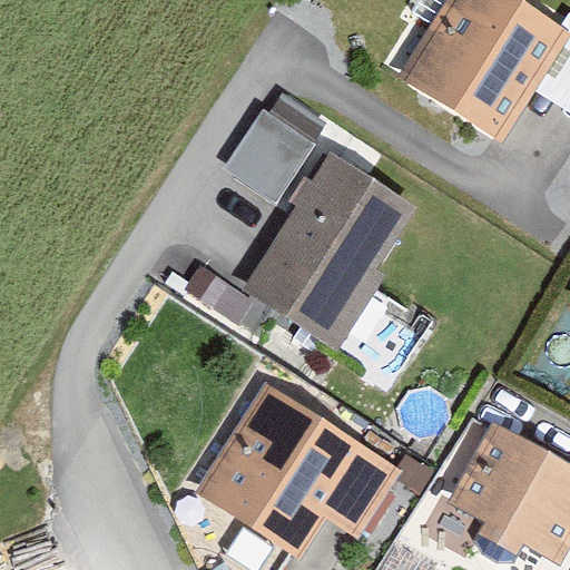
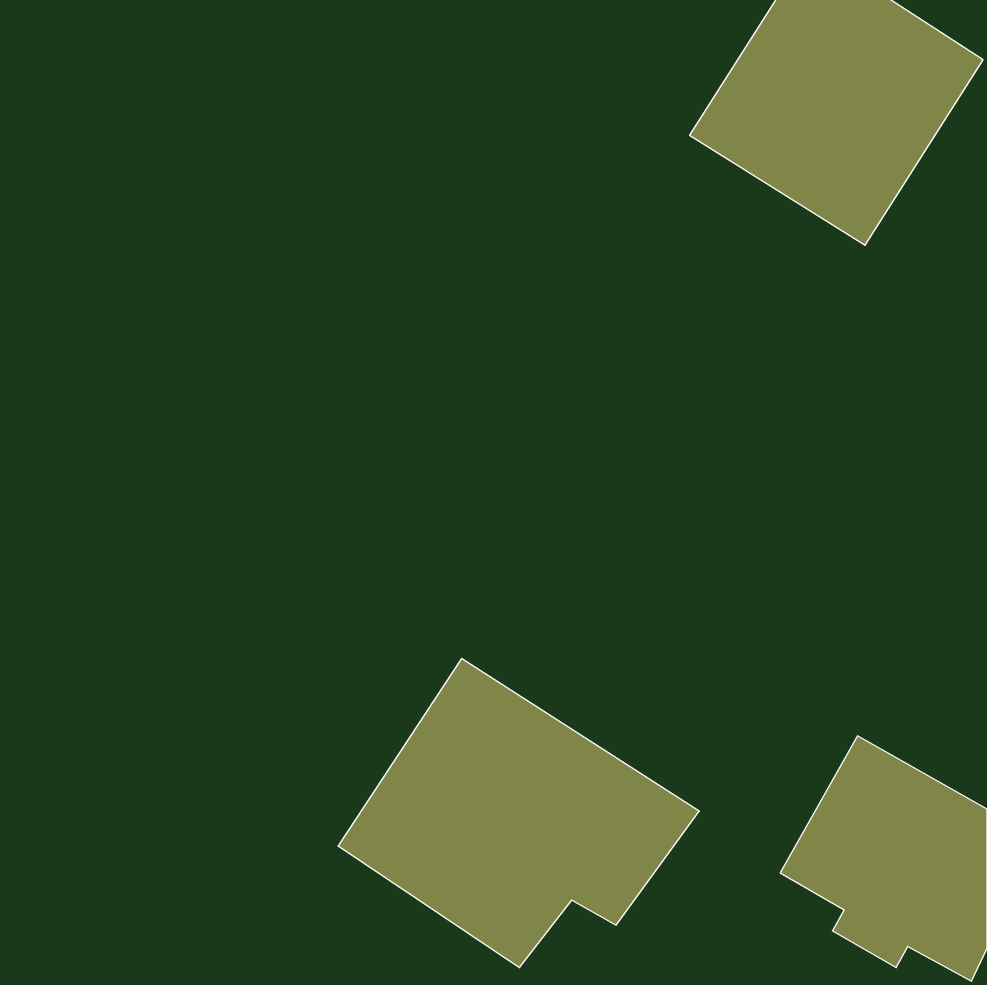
building: [227,94,326,202] -> none
building: [252,160,414,337] -> none

